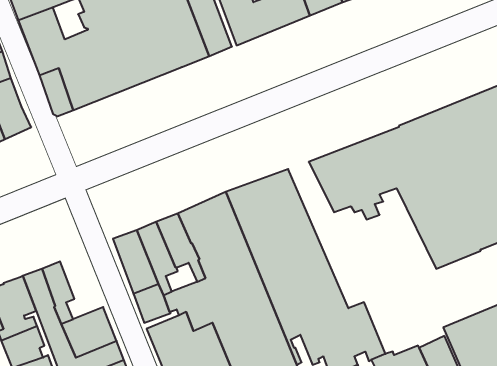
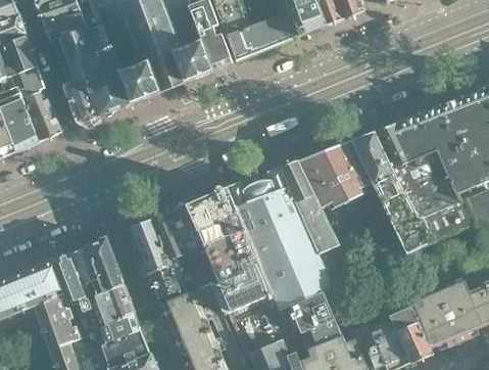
building: none -> [281,160,355,285]
building: none -> [86,237,124,294]

